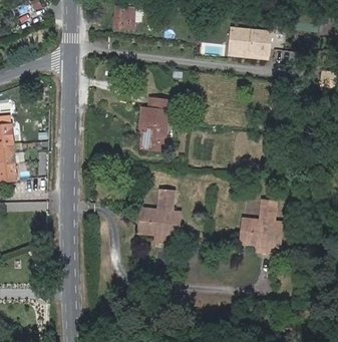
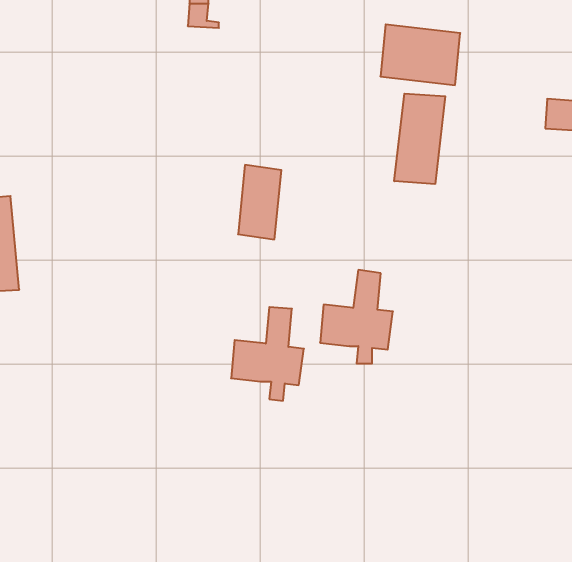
building: none -> [394,94,445,184]
building: [241,199,283,253] -> [320,270,393,364]

